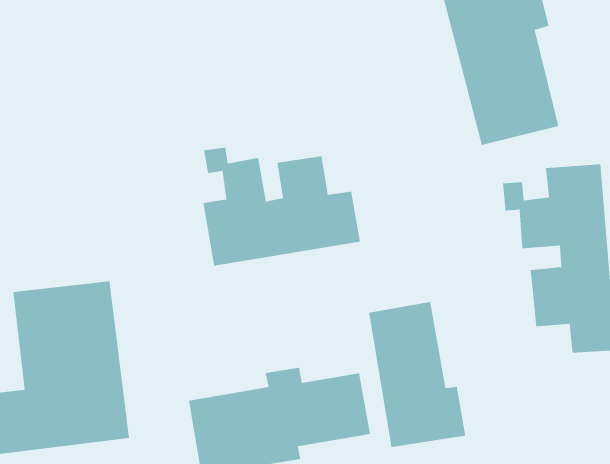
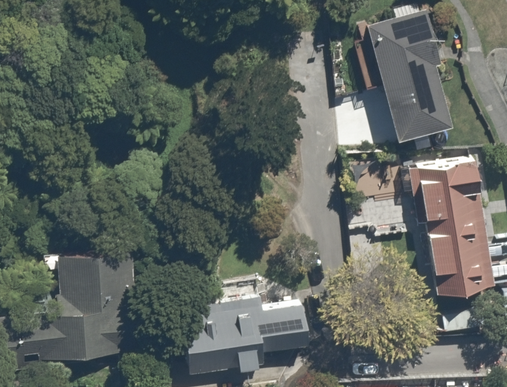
building: [203,147,361,267] -> none
building: [368,301,466,448] -> none

